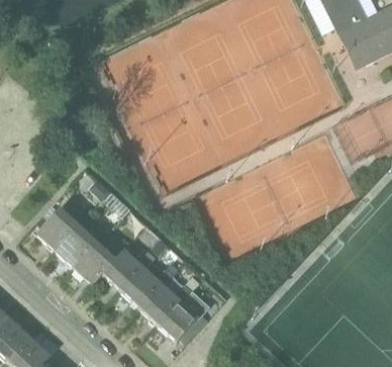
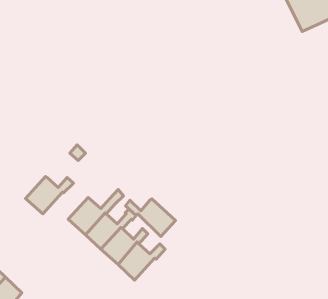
building: [35,208,88,250] -> none
building: [73,242,124,284] -> none
building: none -> [125,199,176,236]

